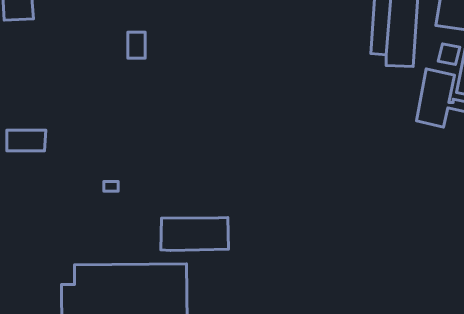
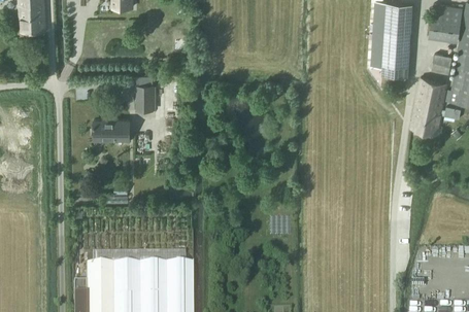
building: [128,32,145,58] -> [137,84,154,109]
building: [7,130,46,151] -> [94,119,131,139]
building: [161,217,228,251] -> none

